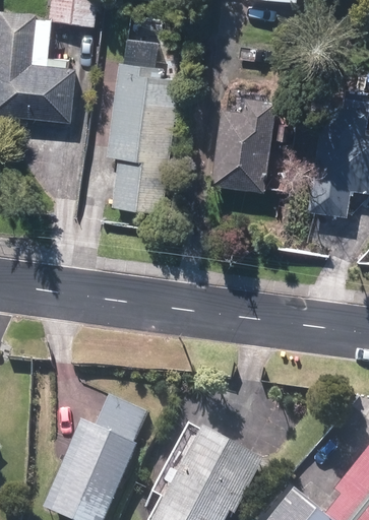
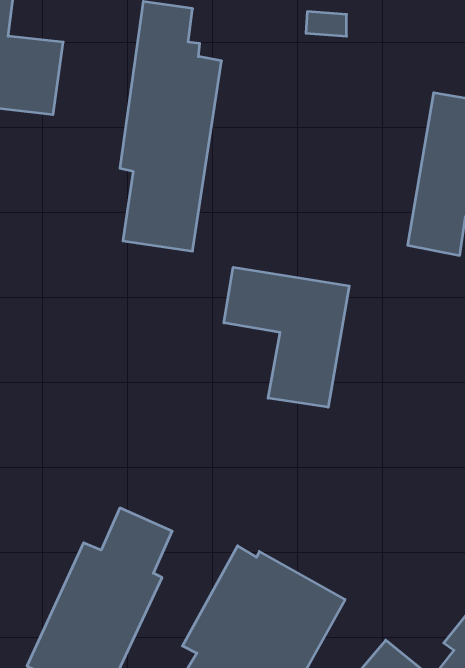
building: [210,99,276,192] -> none
building: none -> [224,267,349,407]

